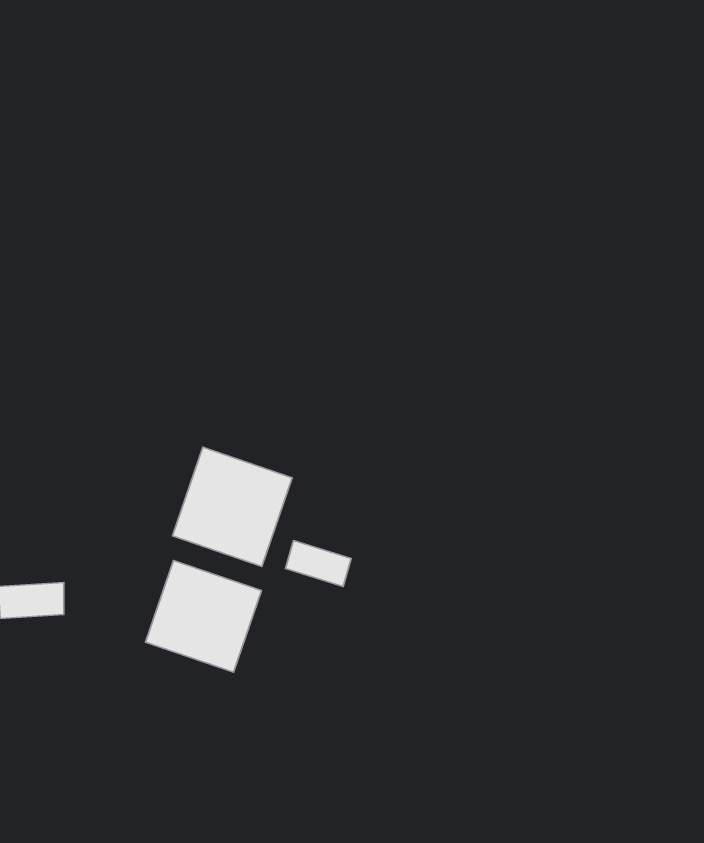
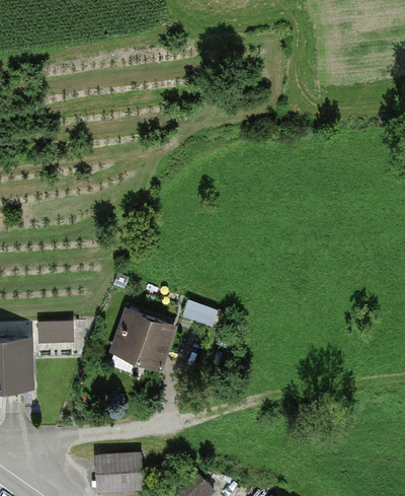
building: [173,447,292,566] -> none

